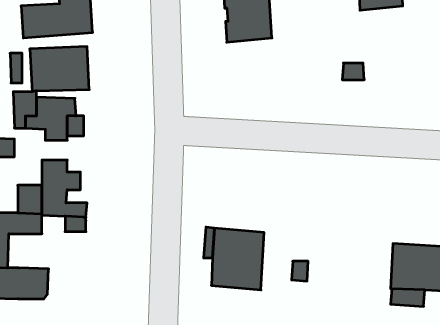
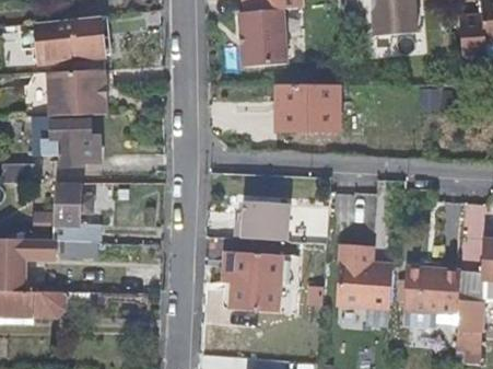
building: none -> [289,82,349,126]
building: none -> [234,200,290,242]
building: none -> [337,247,391,310]

